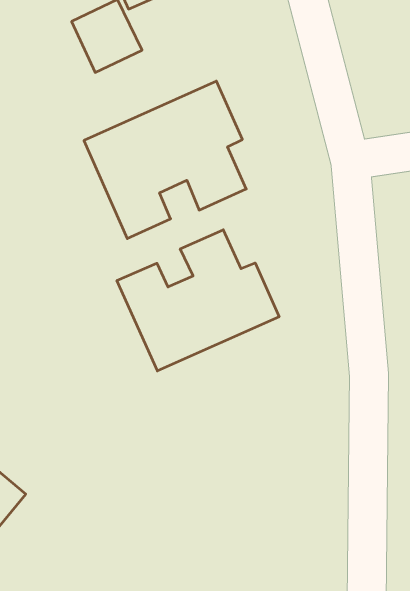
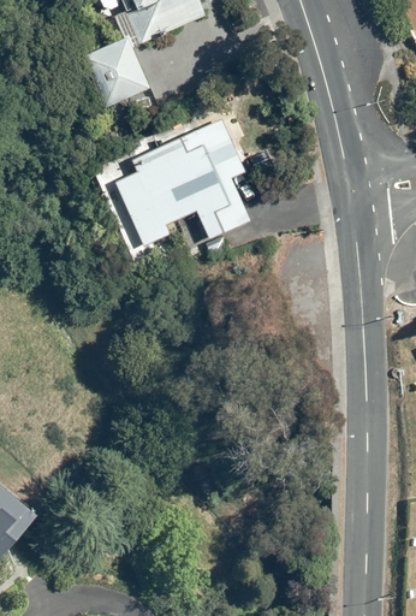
building: [117,230,279,371] -> none

